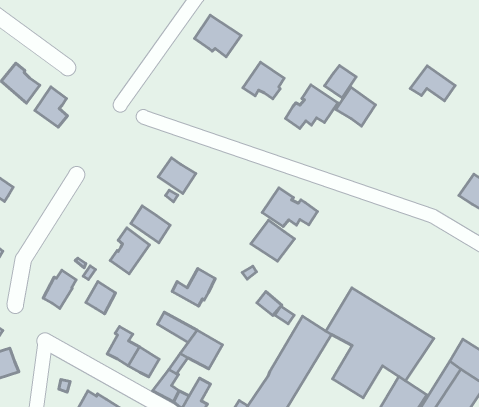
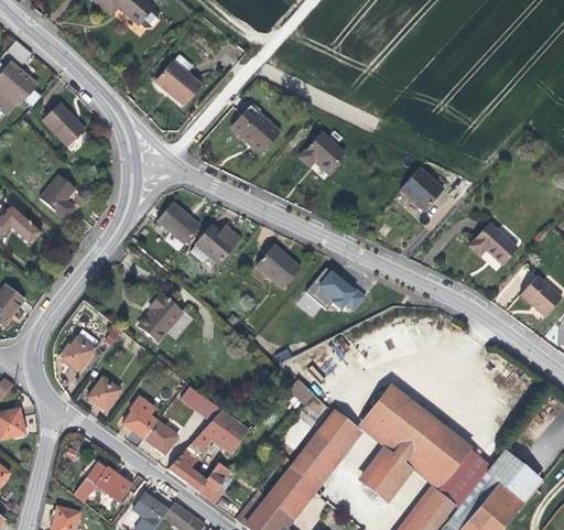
building: none -> [153,53,200,106]
building: [194,15,241,57] -> [230,105,281,151]
building: [324,65,356,98] -> none
building: [410,66,455,101] -> [468,224,517,263]
building: [285,85,338,128] -> none
building: [35,87,67,127] -> [40,172,75,216]
building: [131,206,170,243] -> [158,203,199,245]
building: [251,220,294,261] -> [257,242,304,288]
building: [172,269,215,306] -> none
building: [86,282,116,314] -> [86,376,119,411]
building: none -> [438,447,491,507]

